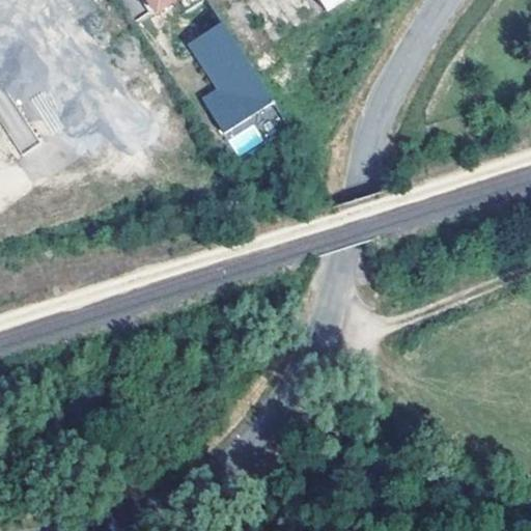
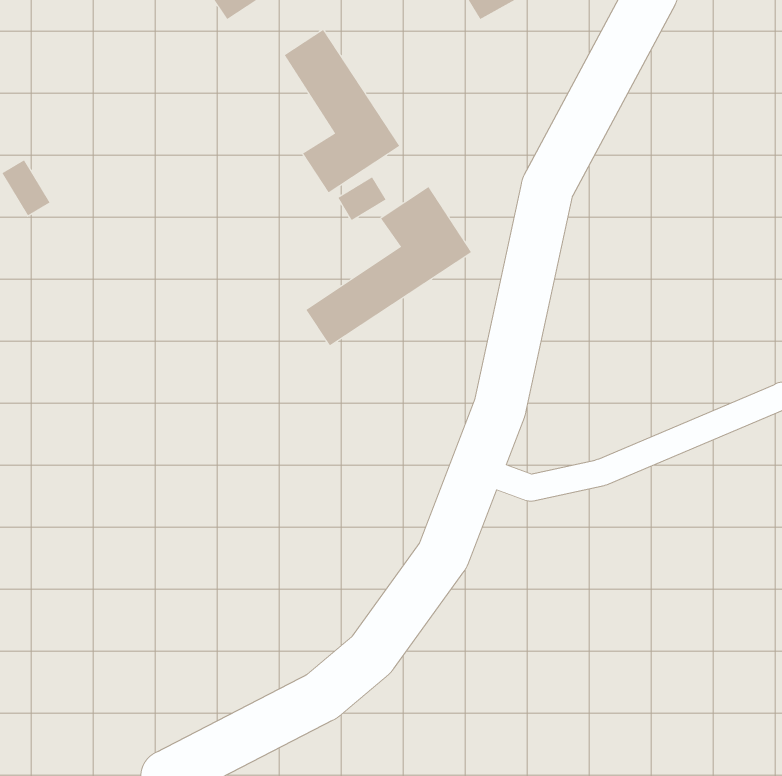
building: none -> [306,186,472,346]

